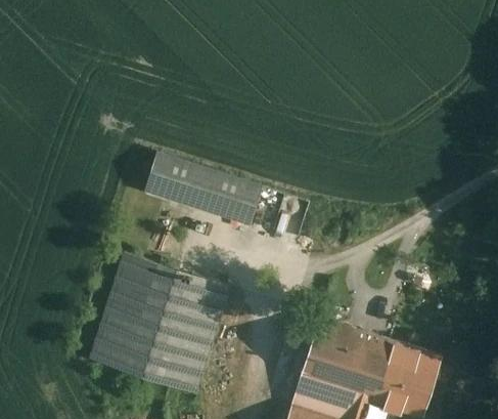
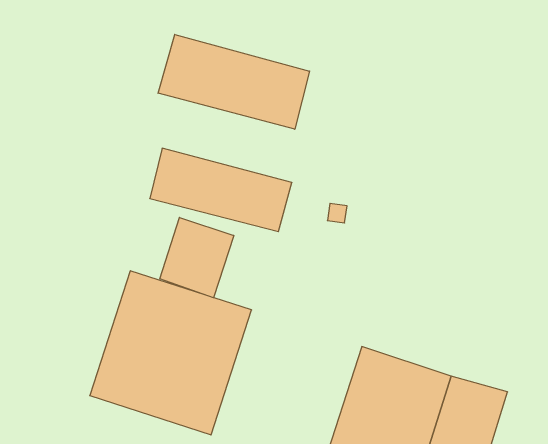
building: none -> [158,34,310,129]
building: none -> [160,217,234,298]

